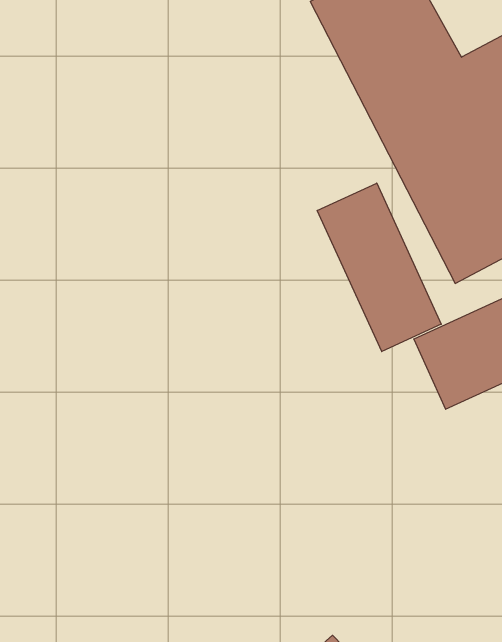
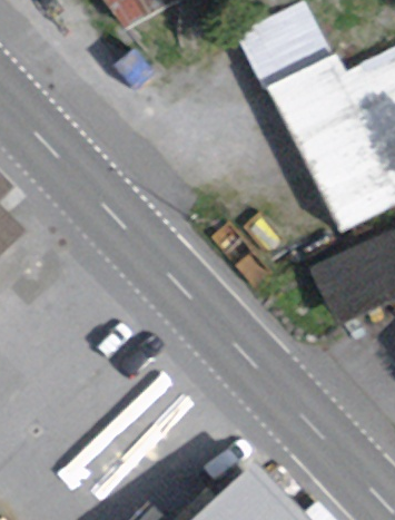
building: [317,183,441,352] -> none

